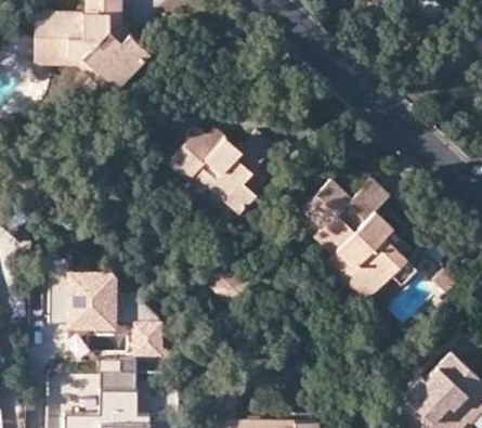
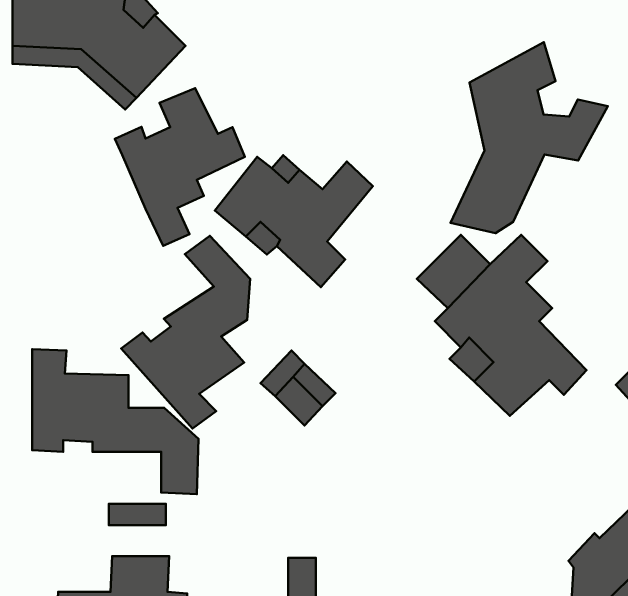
building: none -> [451,42,608,233]
building: none -> [115,88,245,246]
building: none -> [121,236,250,429]

